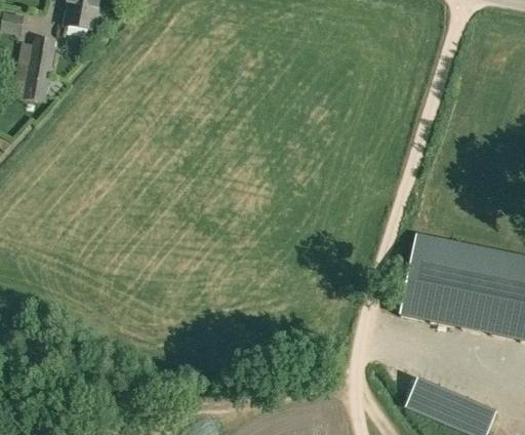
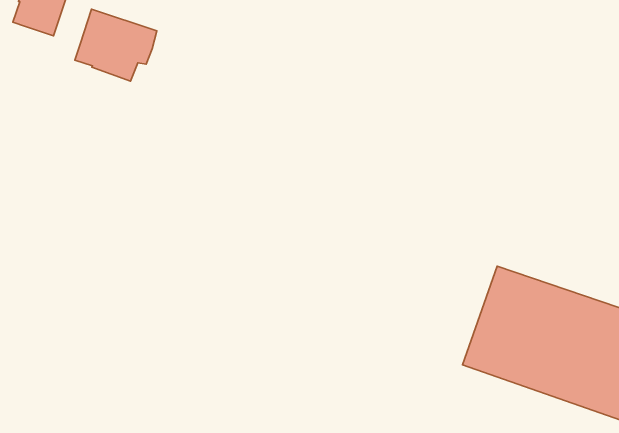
building: none -> [75,9,157,81]

